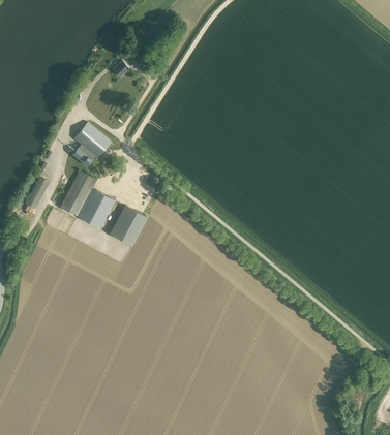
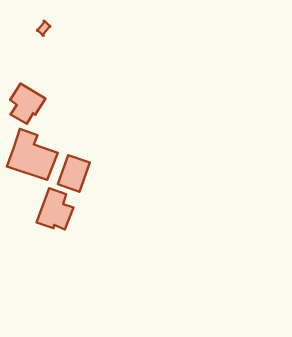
building: none -> [37,188,73,229]

